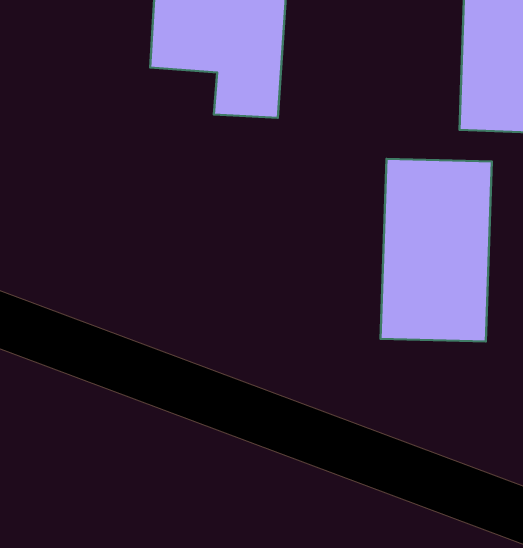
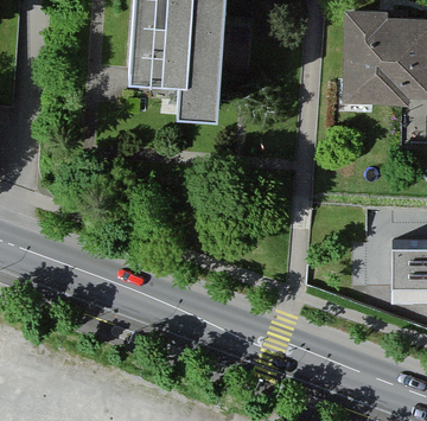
building: [381,159,492,342] -> none

